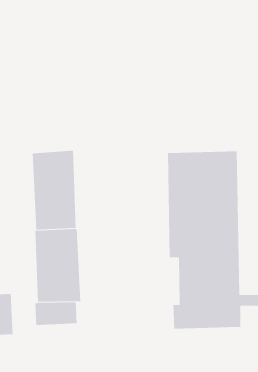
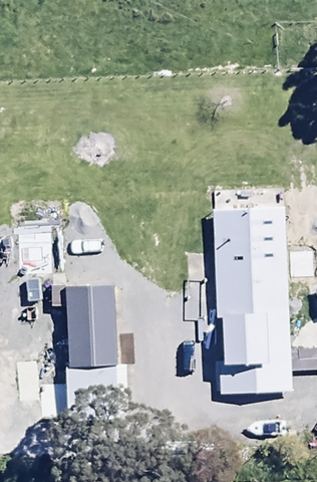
building: [32,150,76,230] -> none

